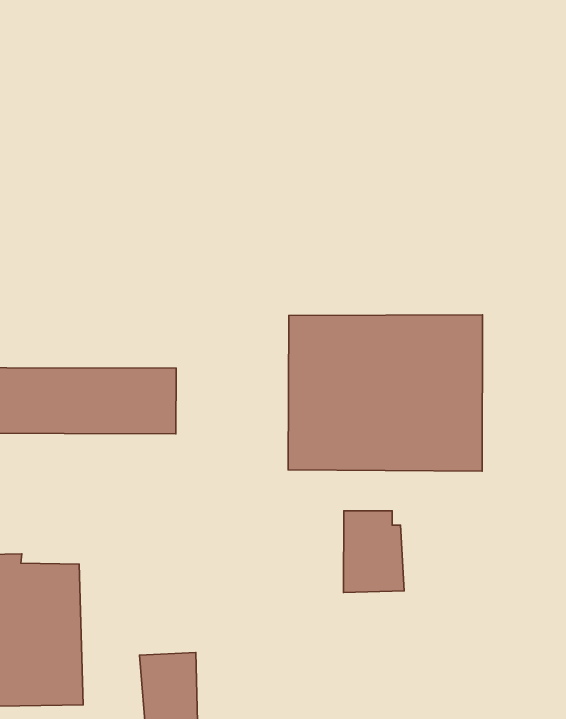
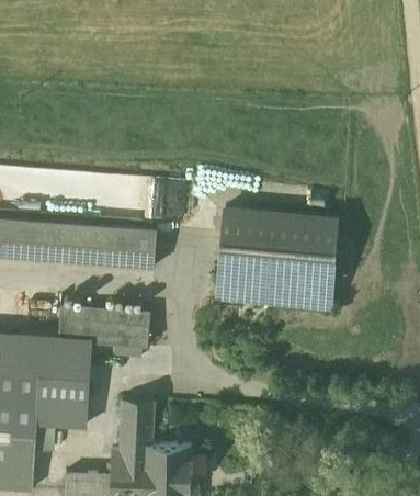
building: none -> [56,307,149,349]
building: [344,511,404,592] -> none

